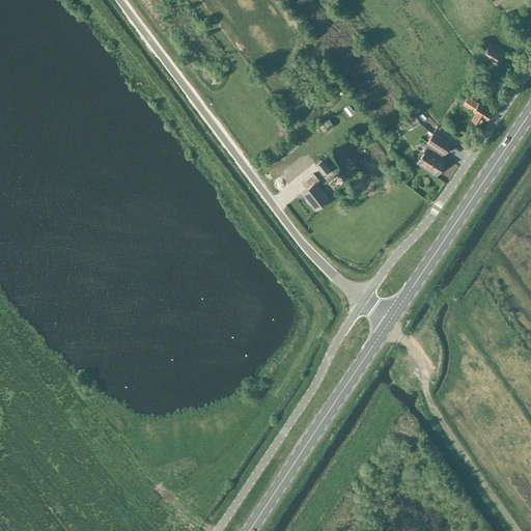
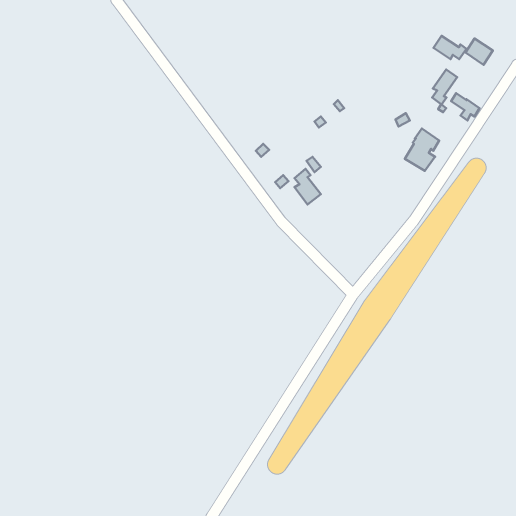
building: none -> [433,36,466,59]
building: none -> [432,69,457,104]

